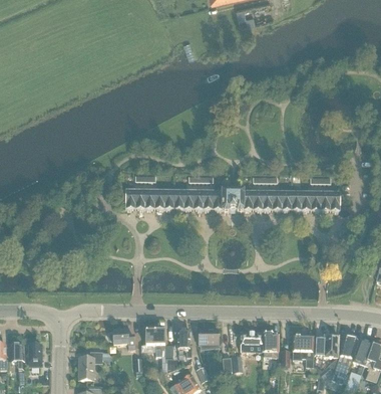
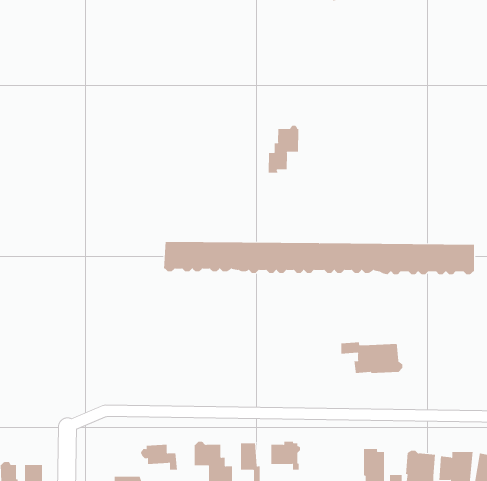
building: none -> [268,125,299,173]
building: none -> [341,341,403,374]
building: [240,332,263,350] -> none

